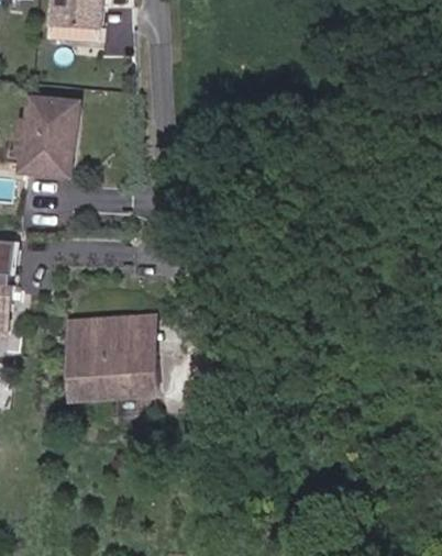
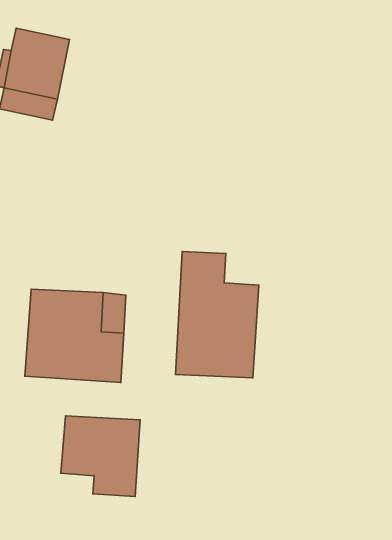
building: none -> [176,251,259,378]
building: none -> [61,416,140,497]

